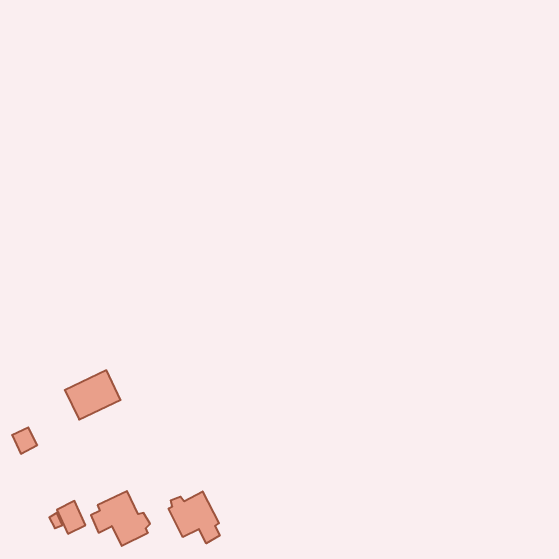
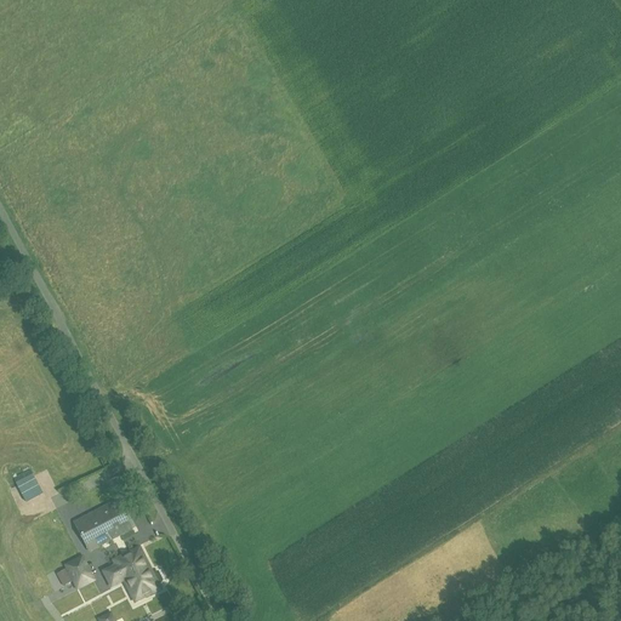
building: [65,370,121,420] -> [70,498,132,553]
building: [169,491,220,543] -> none

